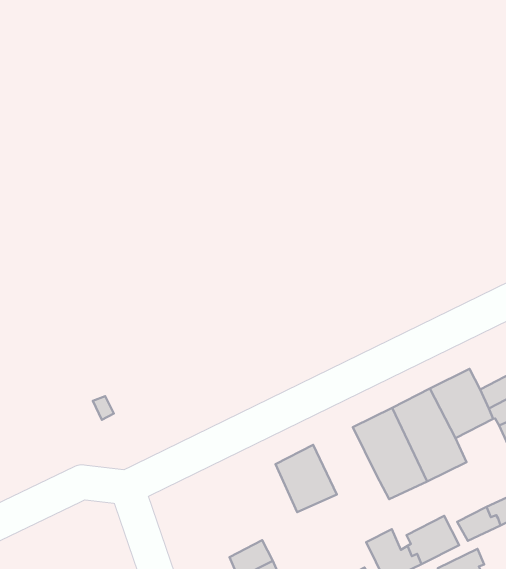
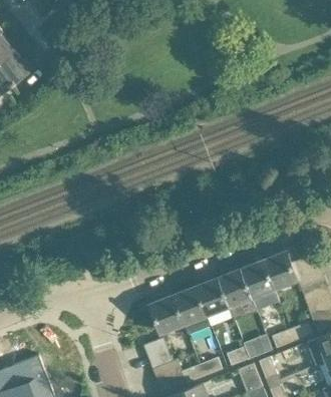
building: none -> [195,278,229,315]
building: none -> [149,295,183,332]

